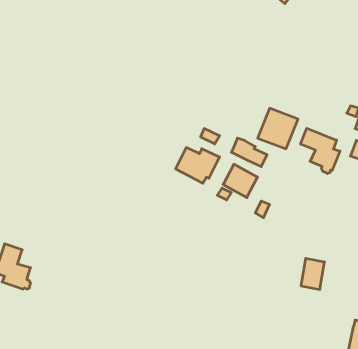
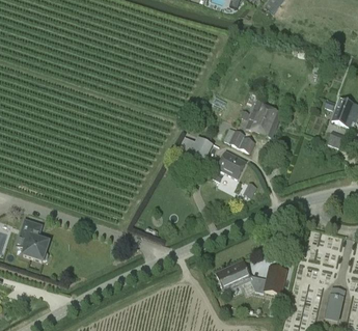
building: [301,128,340,174] -> none
building: [301,258,325,289] -> [258,258,279,285]
building: none -> [215,259,250,289]

